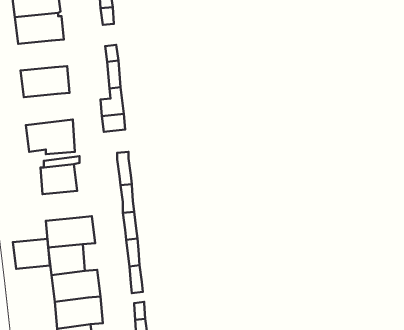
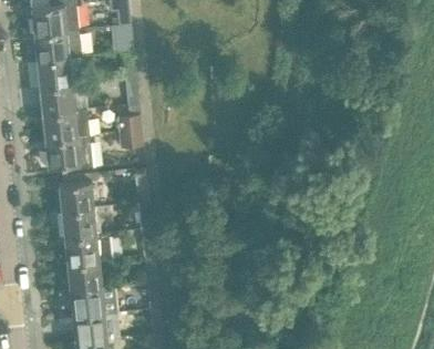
building: none -> [35,58,72,88]
building: none -> [41,110,90,142]
building: [13,239,50,269] -> [60,207,96,237]

